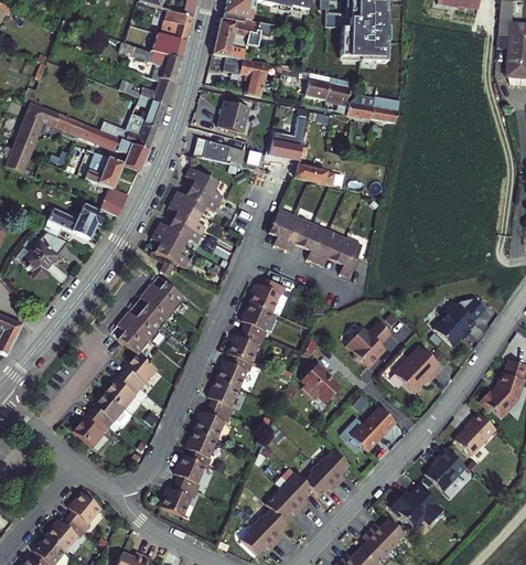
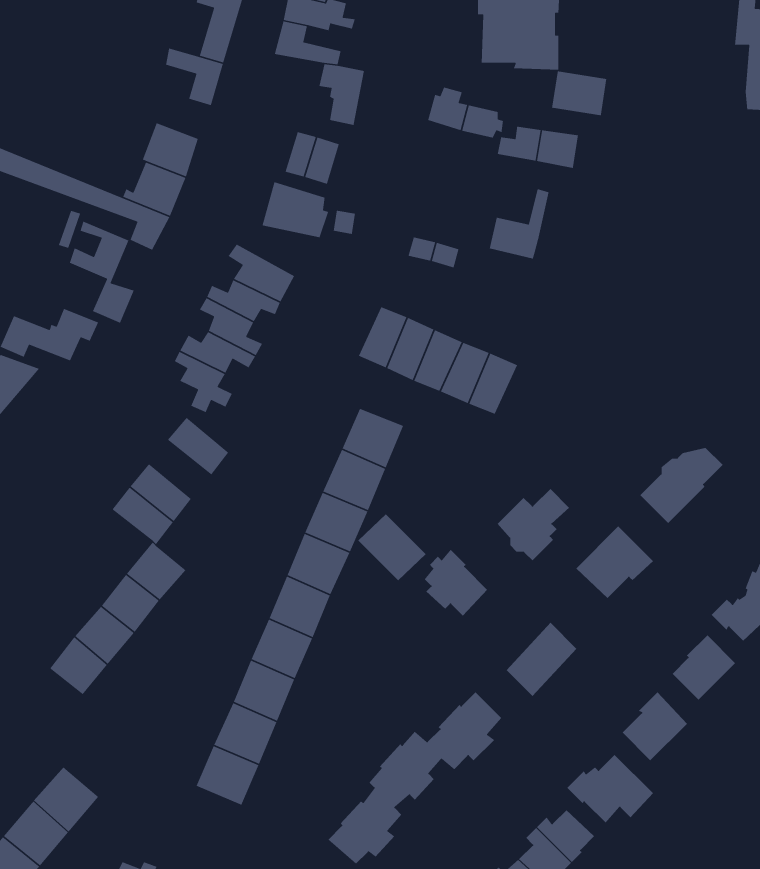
building: none -> [551,70,607,116]
building: [138,79,172,104] -> none
building: [270,116,308,160] -> [489,188,550,260]
building: [133,290,172,327] -> none
building: none -> [357,514,427,581]

